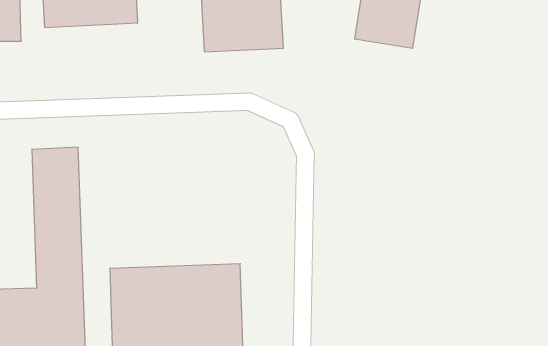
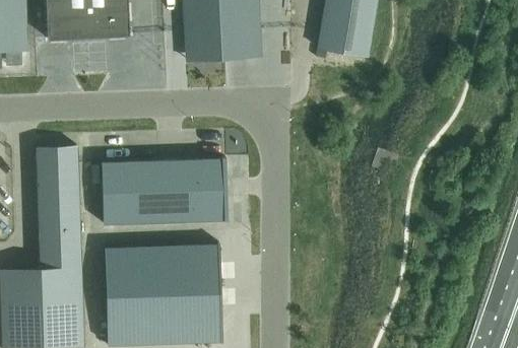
building: none -> [102,160,225,225]

